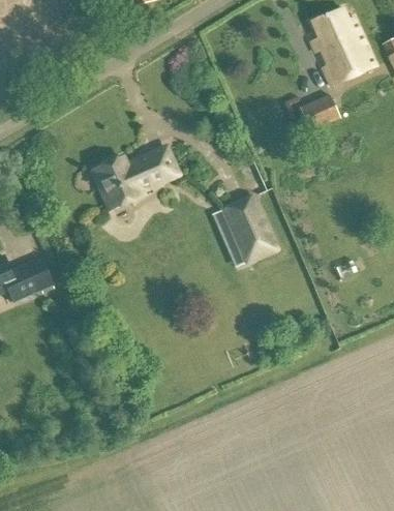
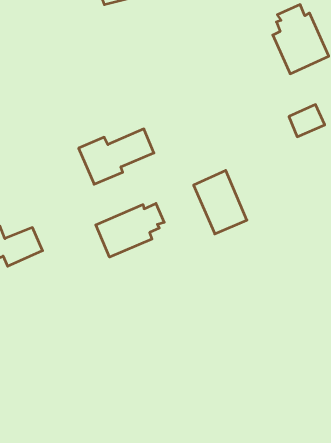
building: [298,94,338,130] -> [289,105,325,137]
building: none -> [96,203,164,257]

